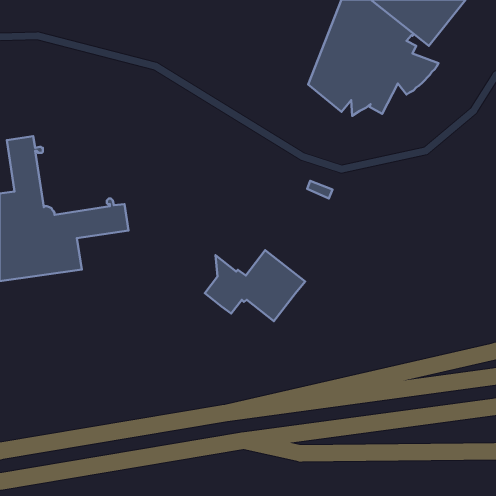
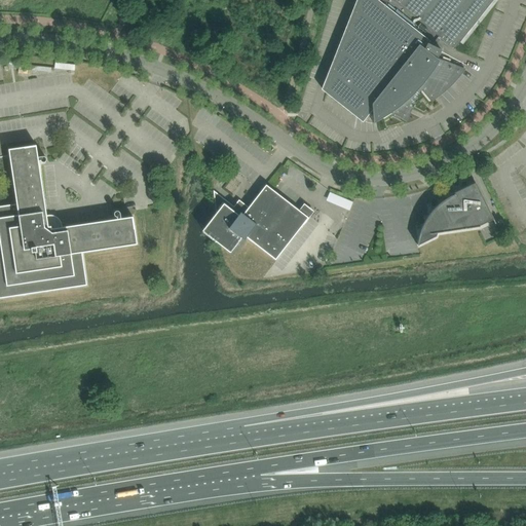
building: none -> [416,179,491,245]
building: [205,250,305,321] -> [201,184,307,259]

